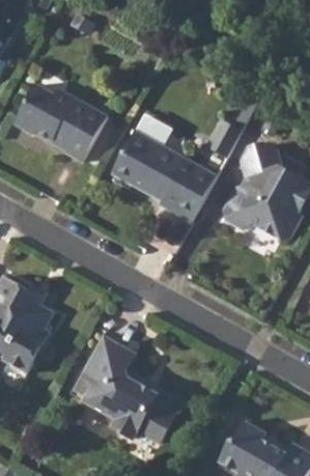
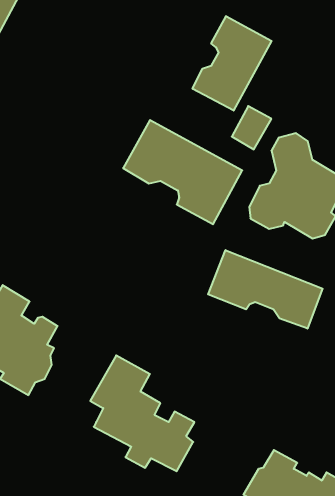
building: none -> [193,16,272,111]
building: [13,85,107,165] -> none
building: none -> [208,250,323,329]

